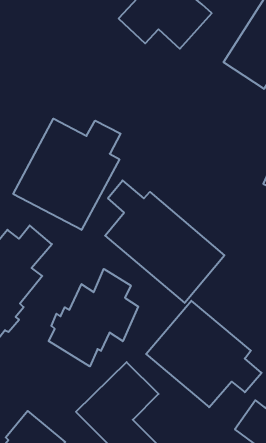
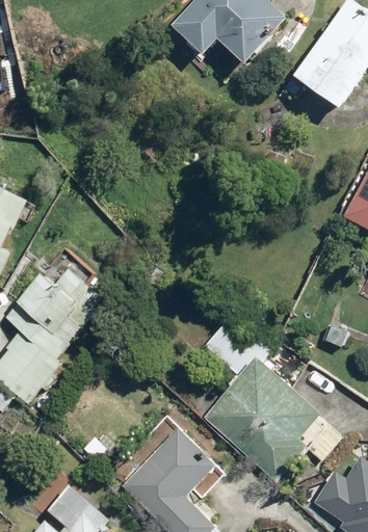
building: [13,119,121,230] -> none
building: [105,180,224,303] -> none
building: [49,269,138,366] -> none

